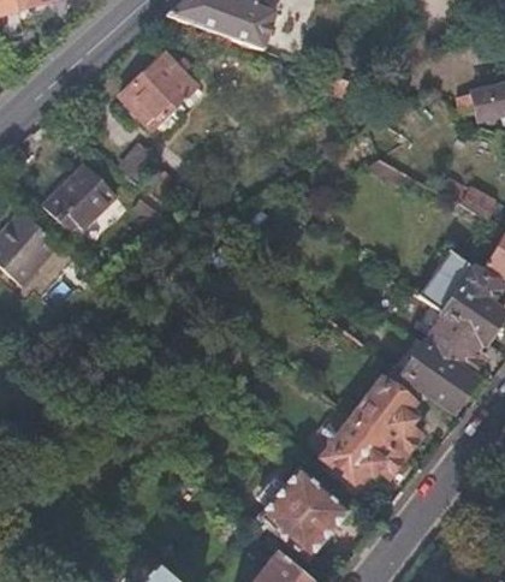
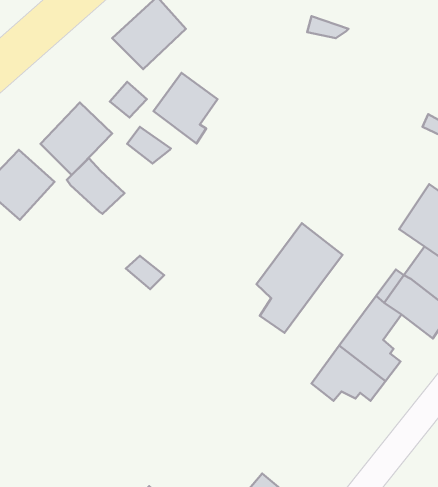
building: none -> [154,73,217,144]
building: none -> [67,158,125,214]
building: none -> [256,223,343,333]
building: [256,468,347,558] -> none

